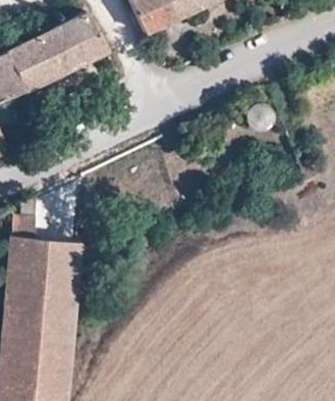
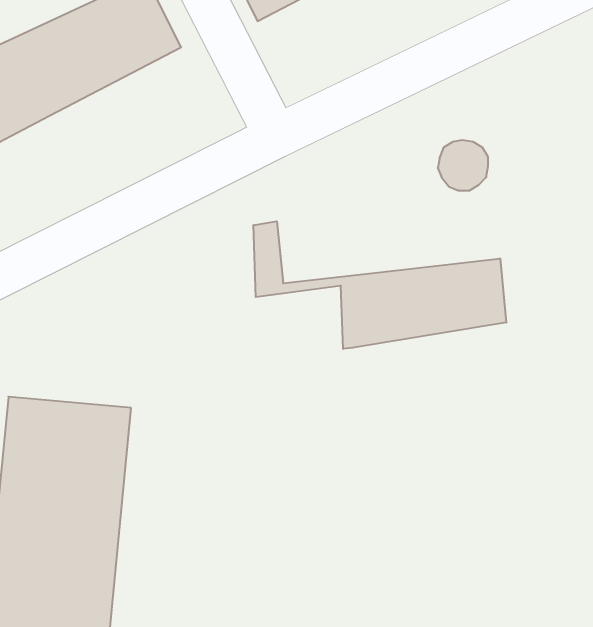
building: none -> [253,221,506,349]

